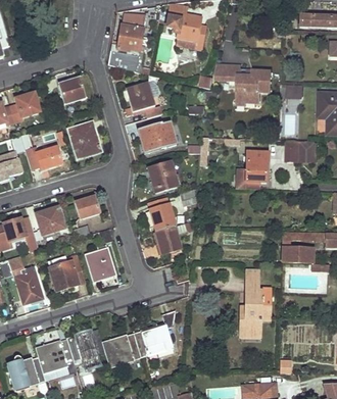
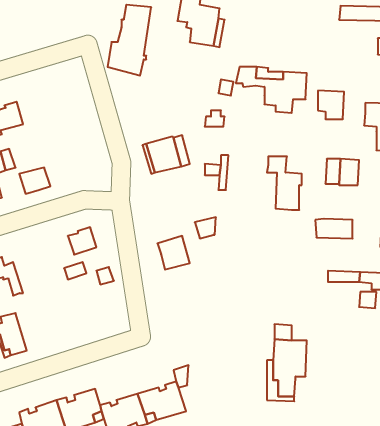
building: [58,78,86,103] -> none
building: [127,83,155,111] -> none
building: [67,121,100,157] -> none
building: [148,160,178,191] -> none
building: [36,207,64,235] -> none
building: [155,220,194,254] -> none
building: [85,244,115,279] -> none
building: [282,246,312,262] -> [315,219,353,239]
building: [49,254,85,290] -> none

